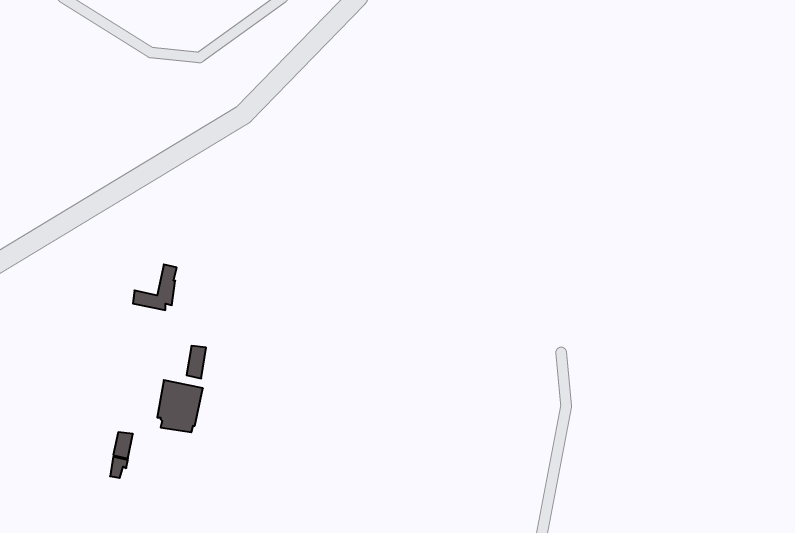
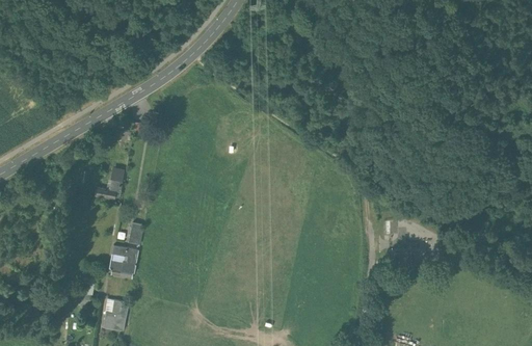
building: none -> [103,299,129,331]

